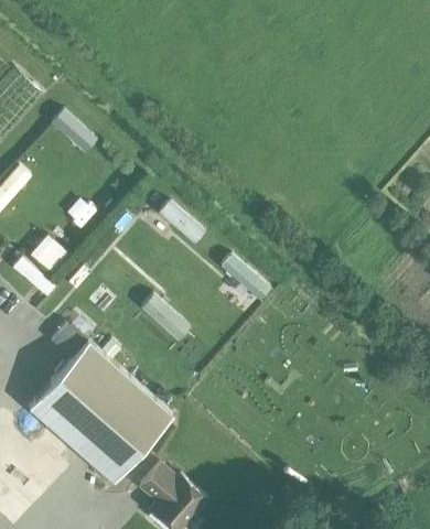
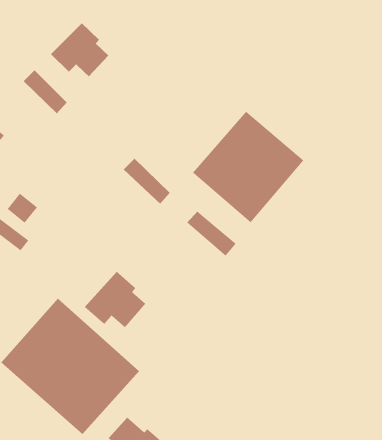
building: none -> [50,22,109,77]
building: none -> [192,111,304,223]
building: none -> [84,271,146,328]

